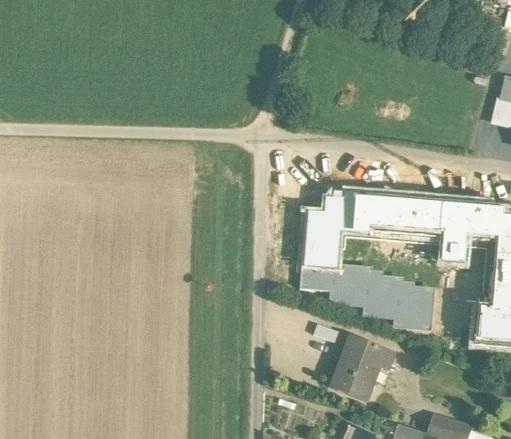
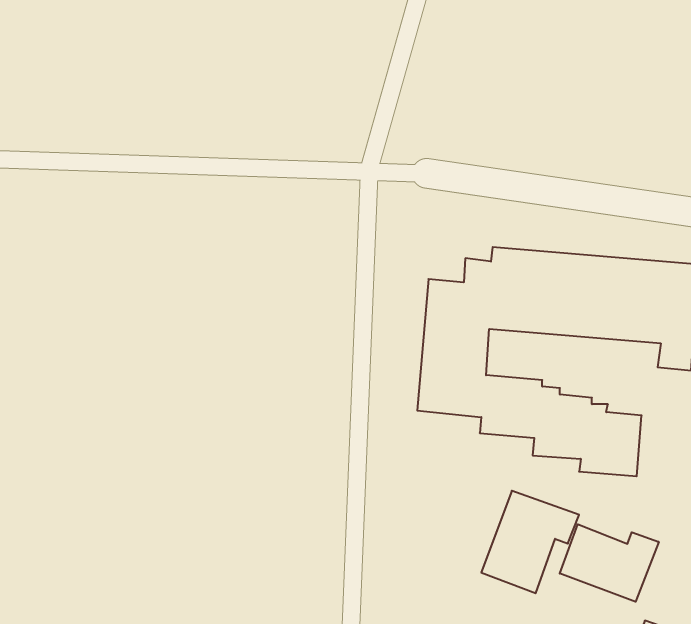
building: none -> [560,524,659,602]

